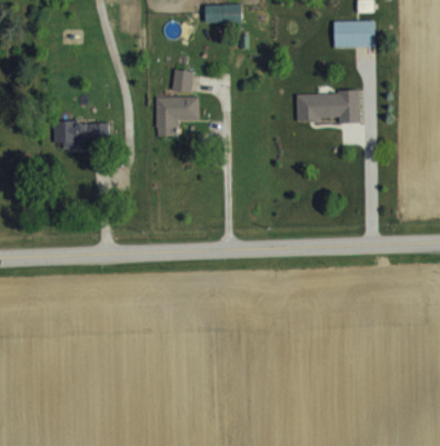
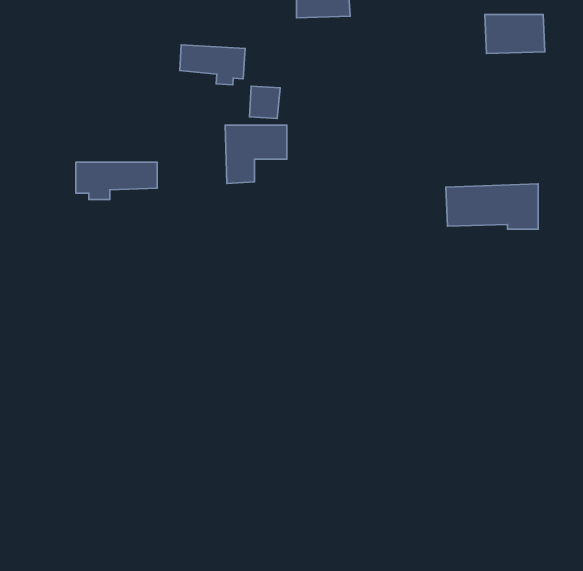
building: none -> [180,45,245,85]
building: [297,91,360,122] -> [446,184,538,229]

